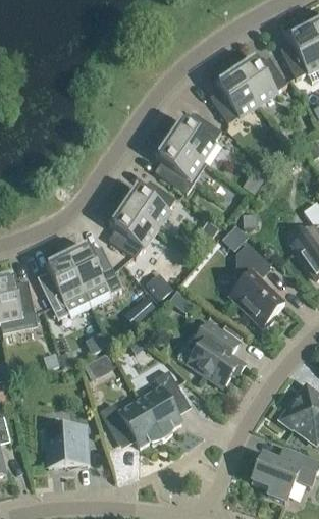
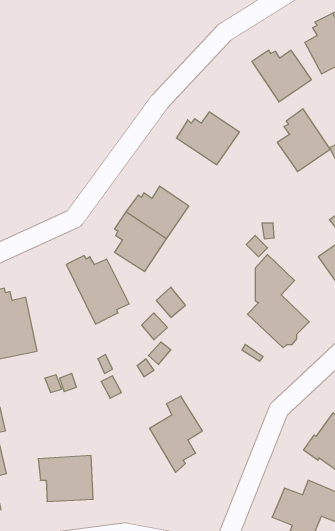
building: [209,66,257,123] -> [277,109,330,172]
building: [154,136,206,193] -> none
building: [37,251,91,318] -> none
building: [188,321,241,386] -> none
building: [100,400,163,447] -> none

